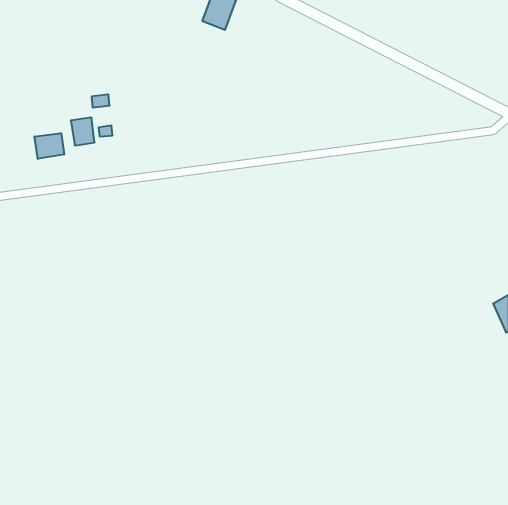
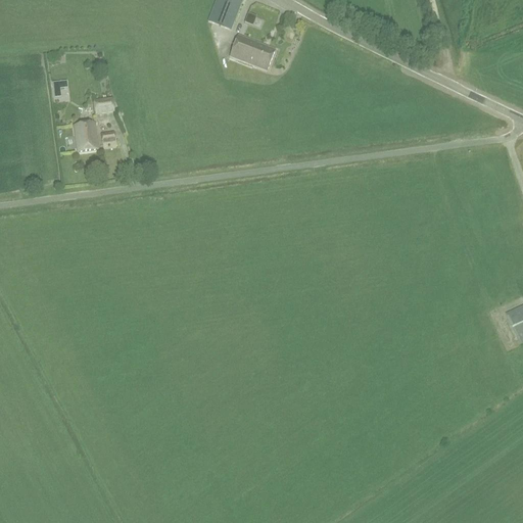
building: none -> [230,33,276,68]
building: [35,133,64,159] -> none

